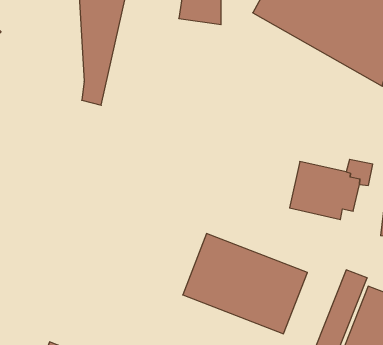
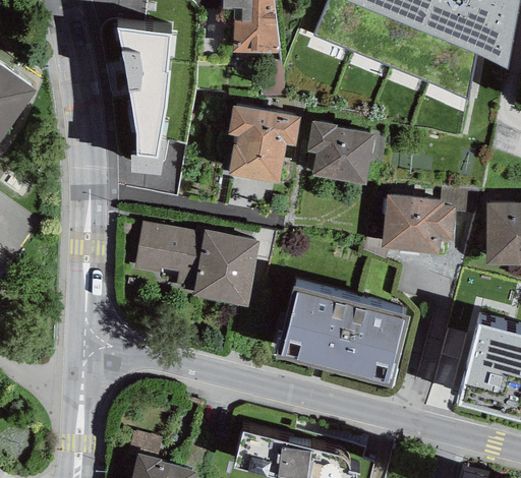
building: none -> [228,104,301,182]
building: none -> [307,118,377,184]
building: none -> [135,220,260,306]

